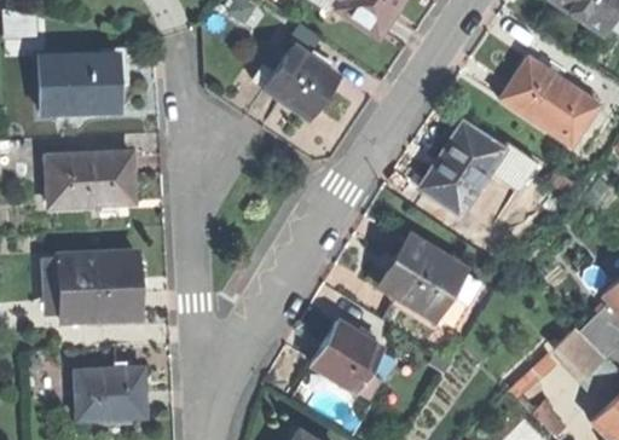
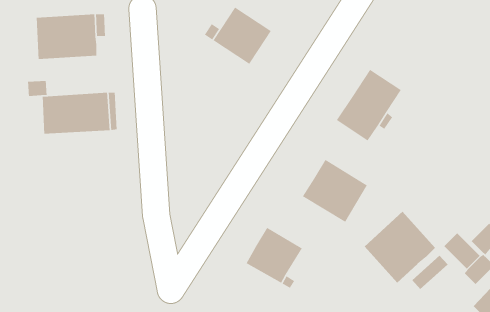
building: [499,57,597,144] -> none
building: [47,251,140,317] -> none
building: none -> [364,211,436,283]
building: [80,367,149,417] -> none

